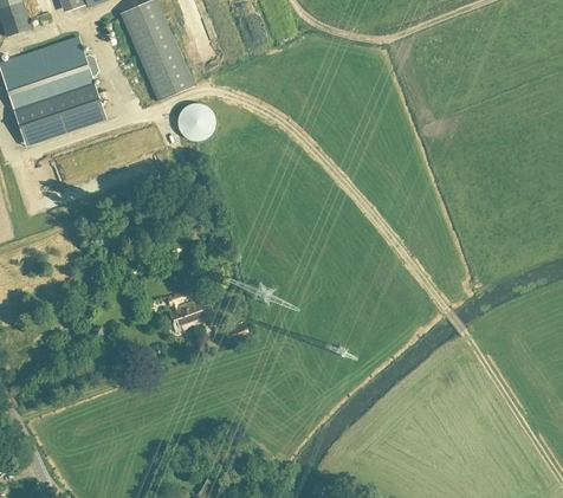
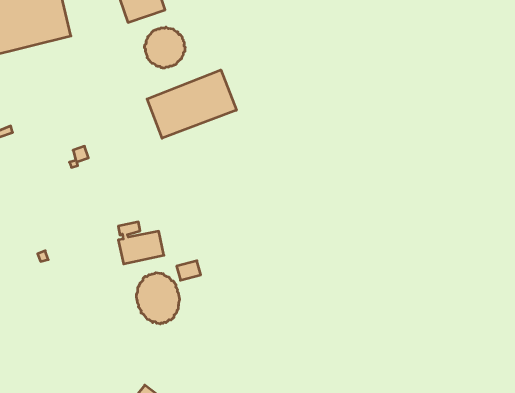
building: none -> [147,70,236,138]
building: none -> [136,273,180,324]

